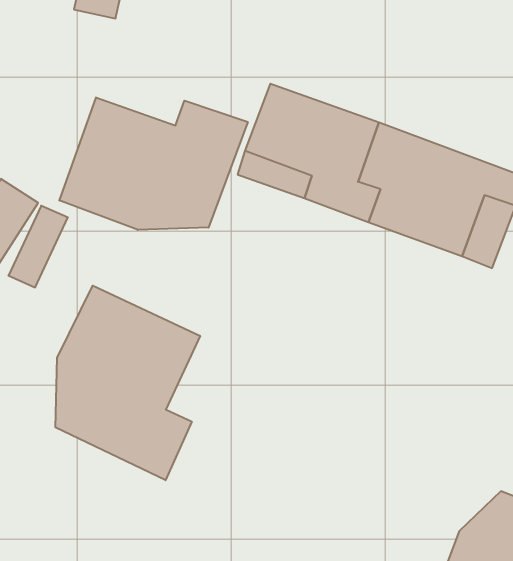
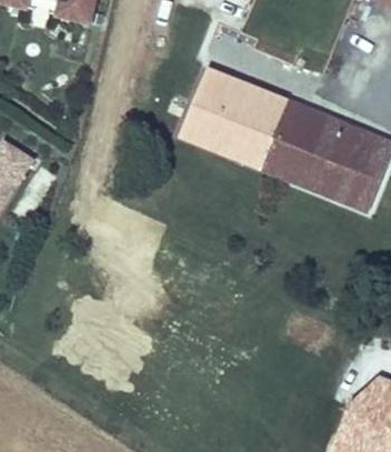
building: [59,97,248,230] -> none
building: [56,286,200,480] -> none

